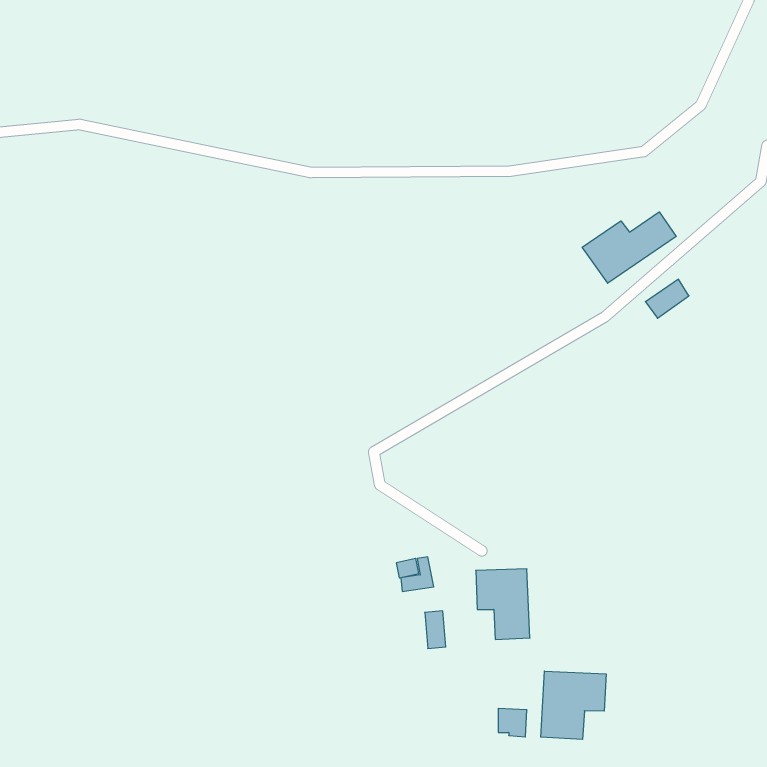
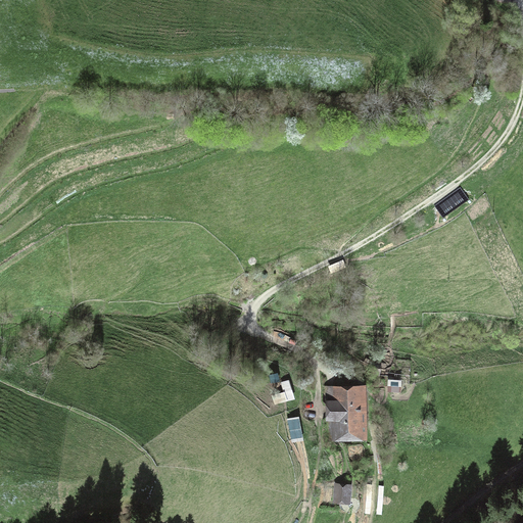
building: [582,212,676,283] -> none
building: [541,671,606,739] -> none

